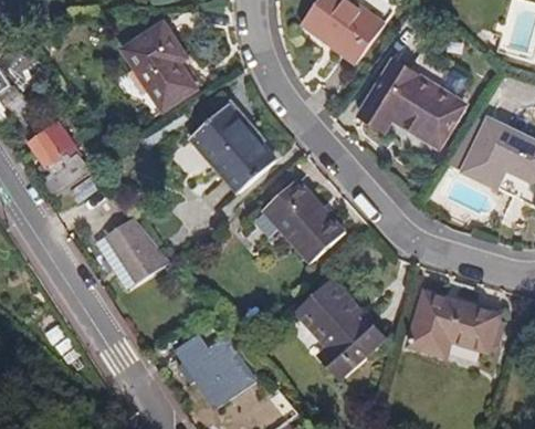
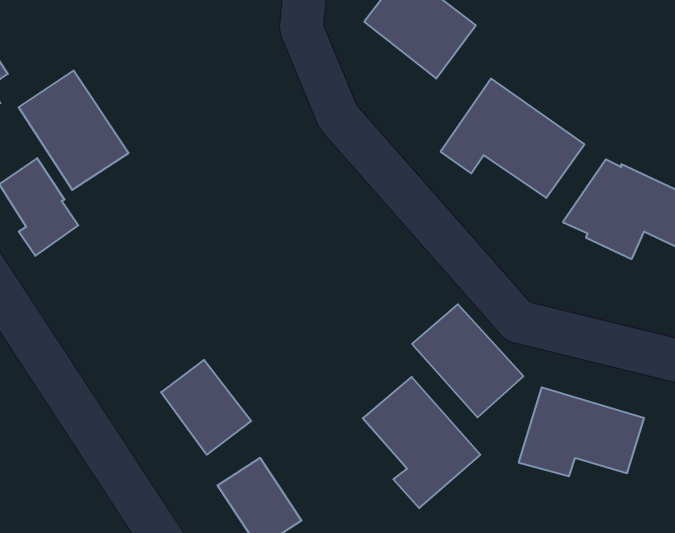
building: [123,21,202,107] -> [19,71,129,190]
building: [190,100,280,191] -> none
building: [263,179,344,261] -> [412,304,523,417]
building: [104,217,169,285] -> [161,360,251,455]

